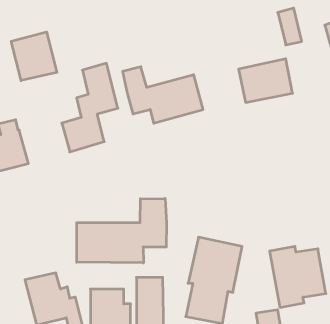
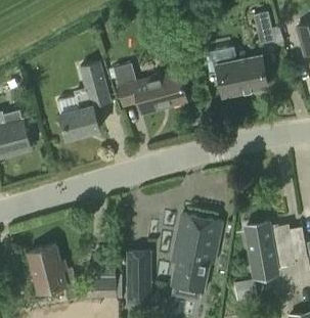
building: [11,32,57,81] -> none
building: [77,198,167,263] -> none

